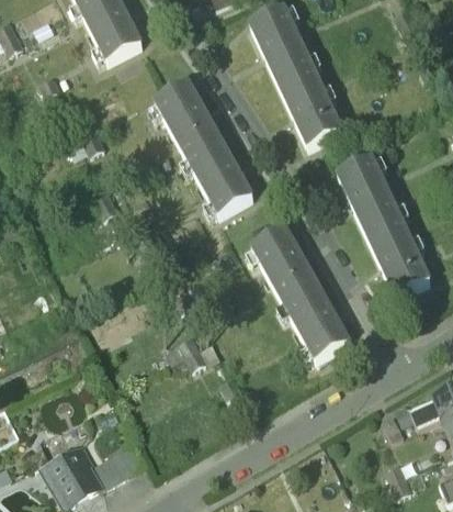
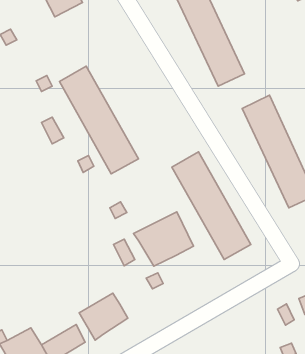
building: [156,81,253,214] -> [60,66,139,174]
building: none -> [133,212,193,266]
building: none -> [79,293,128,340]

